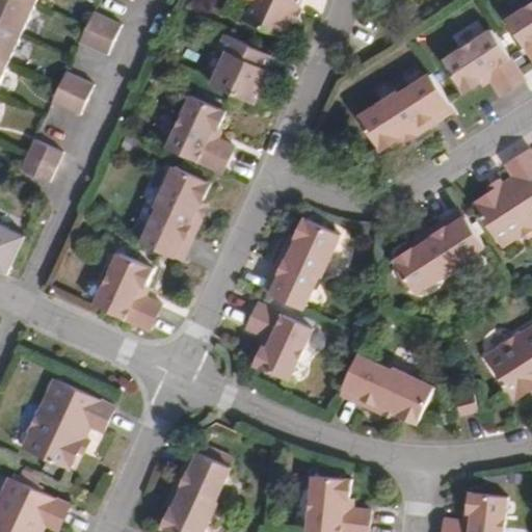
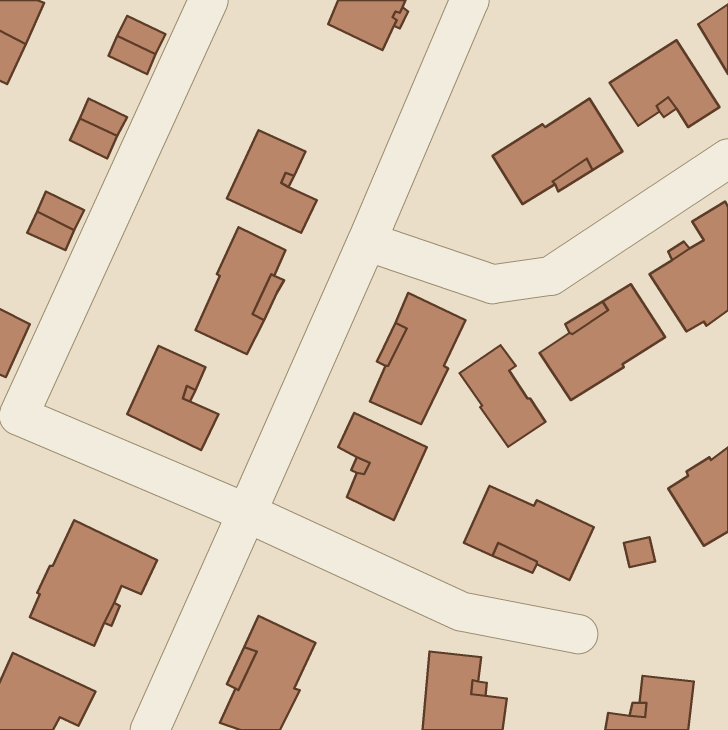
building: [209,32,271,100] -> none
building: none -> [459,345,546,447]

